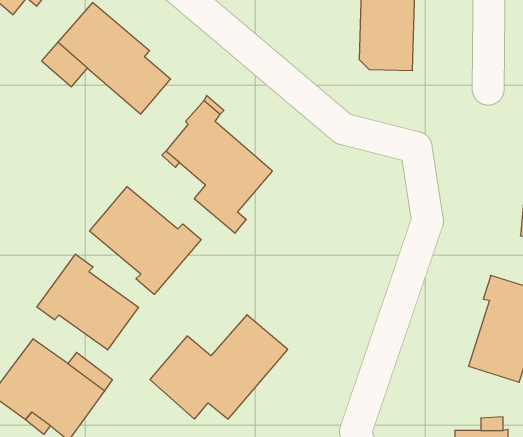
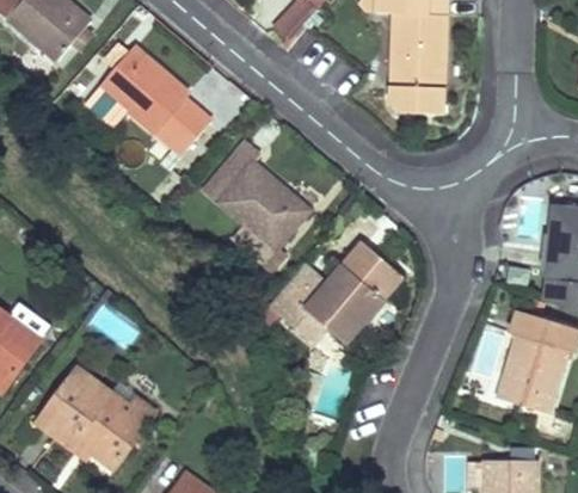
building: [90,187,201,294] -> none
building: [37,254,139,350] -> none
building: [150,315,288,419] -> [269,242,401,343]

